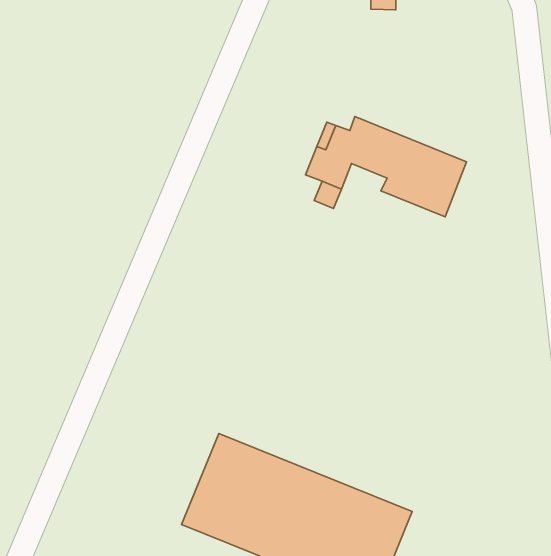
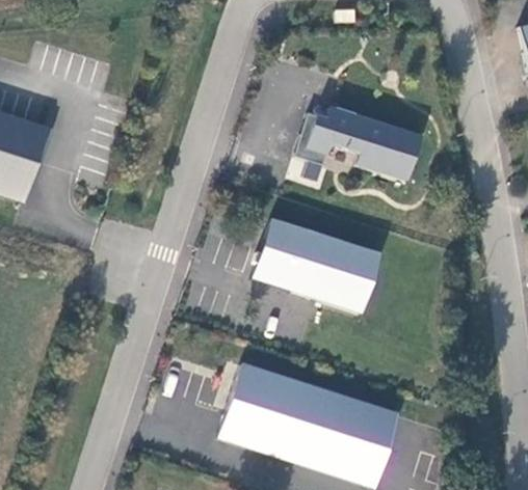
building: none -> [254,219,380,314]

